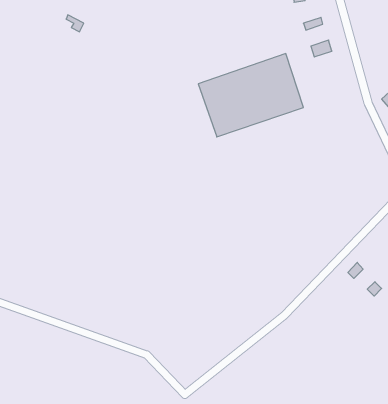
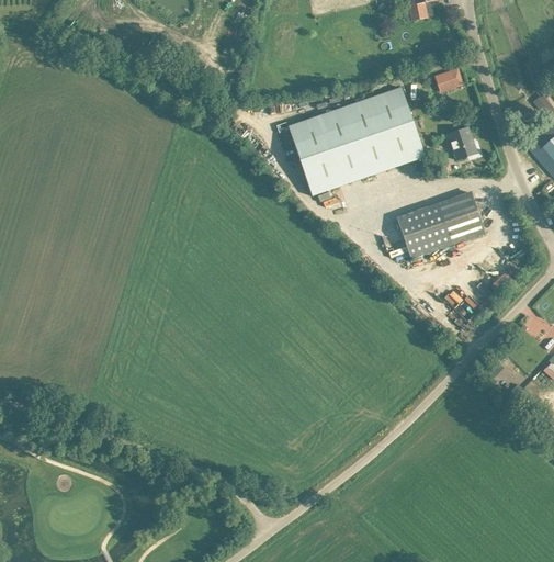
building: none -> [445,126,482,159]
building: none -> [398,192,485,258]

